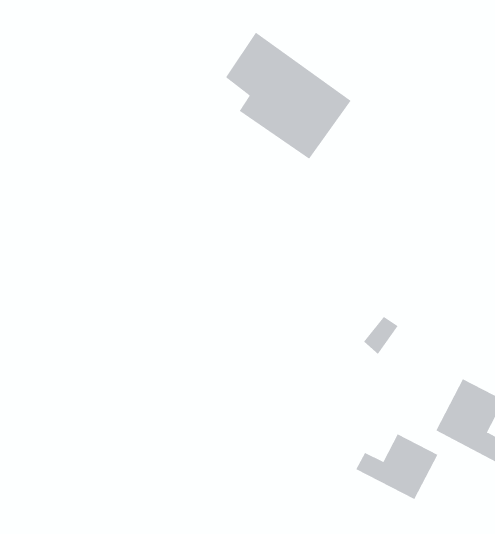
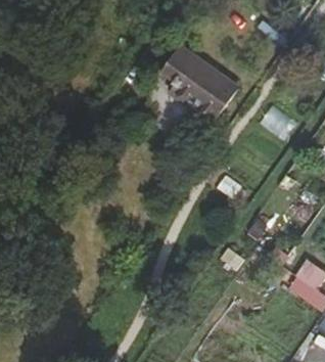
building: [355,433,438,500] -> none

